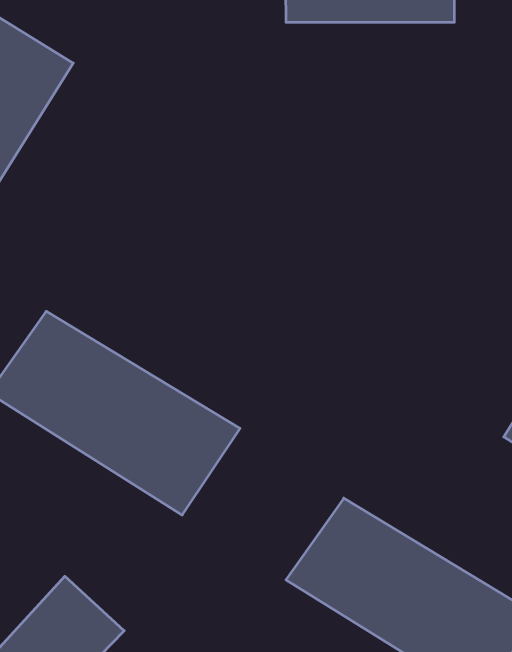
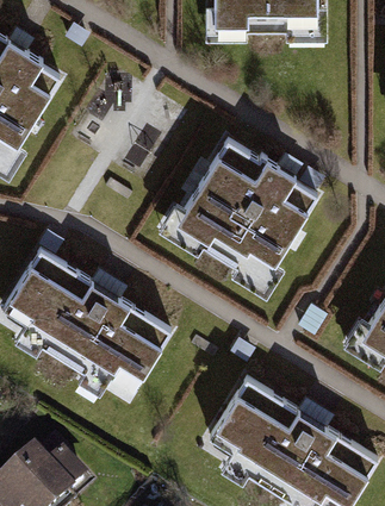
building: none -> [172,136,313,275]

